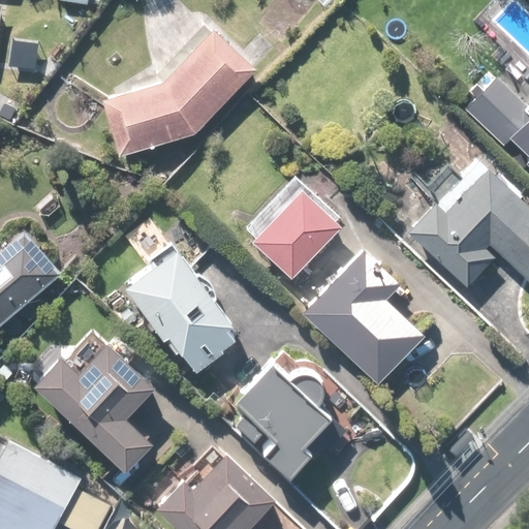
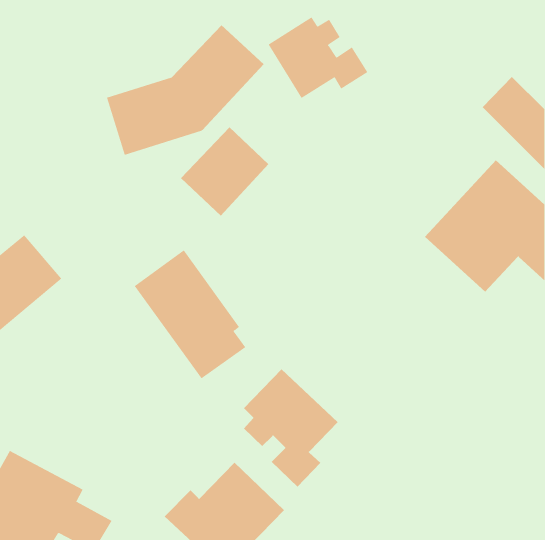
building: none -> [268,16,368,99]
building: [253,192,339,279] -> [180,127,269,217]
building: [304,250,425,384] -> none
building: [36,342,154,469] -> none

